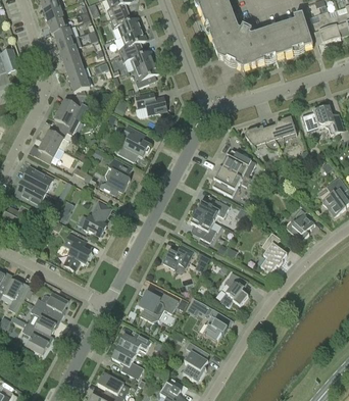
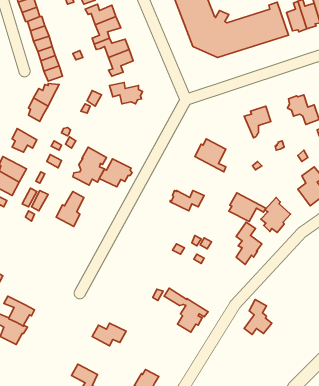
building: [44,126,72,150] -> none
building: [245,126,279,149] -> none
building: [117,134,150,161] -> [99,159,132,187]
building: [212,166,249,195] -> [229,193,266,222]
building: [189,211,216,242] -> none
building: [63,233,92,270] -> none
building: [163,244,194,272] -> none
building: [220,271,248,306] -> [244,300,272,335]
building: [140,290,179,321] -> none
building: [35,292,68,318] -> none
building: [183,341,208,382] -> none
building: [112,345,144,379] -> none

